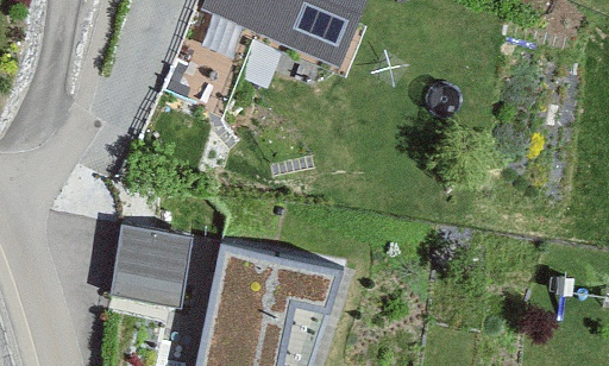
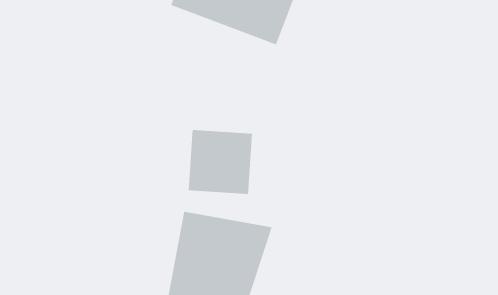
building: [113,225,190,302] -> [188,130,253,194]

